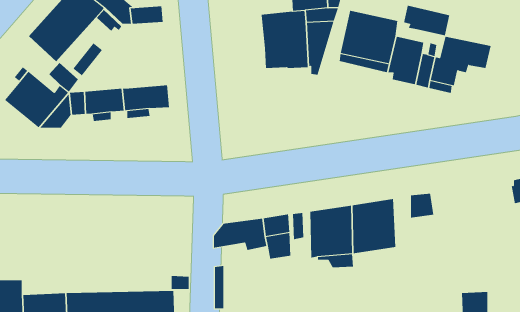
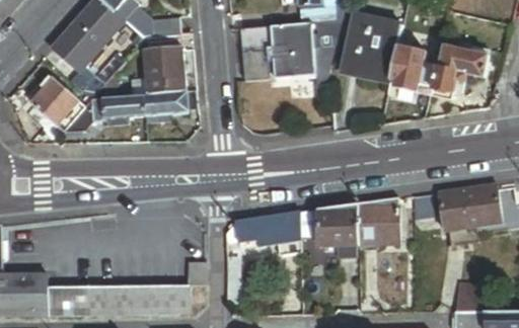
building: [403,5,450,36] -> none
building: none -> [241,26,274,79]
building: none -> [143,48,183,94]
building: none -> [436,181,504,229]

